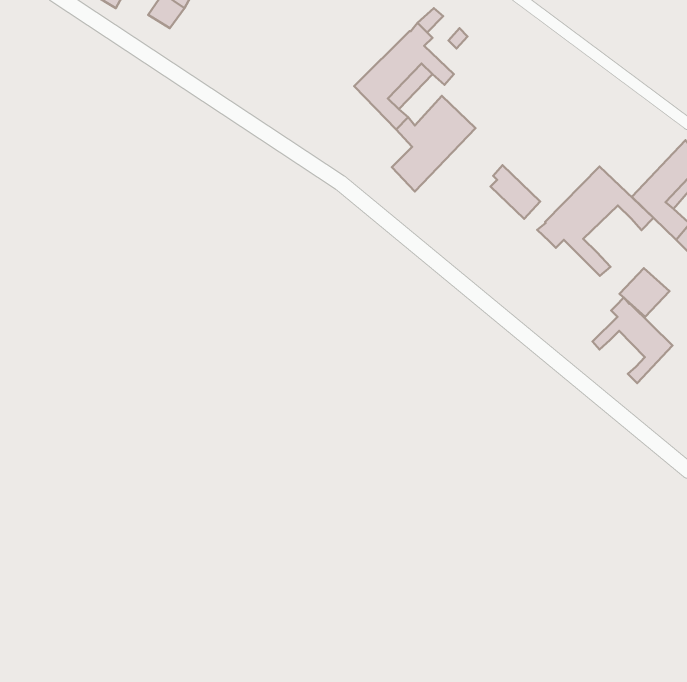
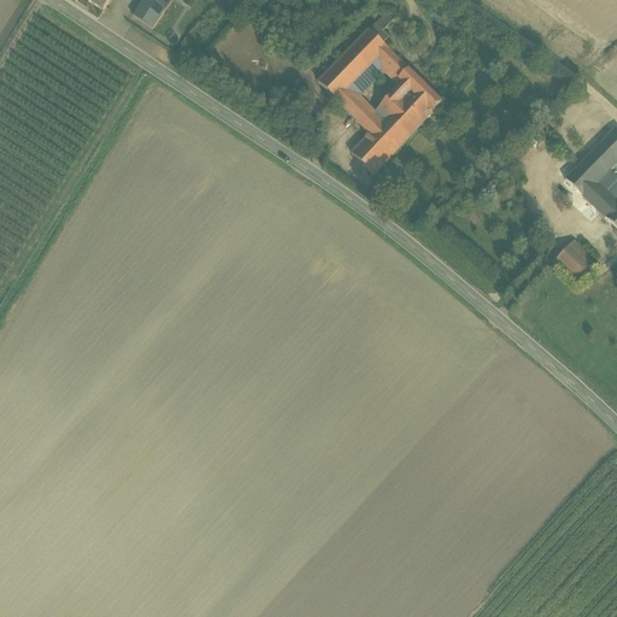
building: [490,165,540,219] -> [396,66,441,114]
building: [537,167,654,276] -> none
building: [592,298,673,383] -> none

